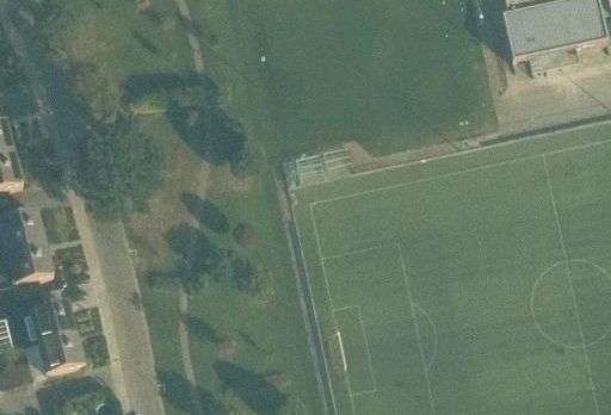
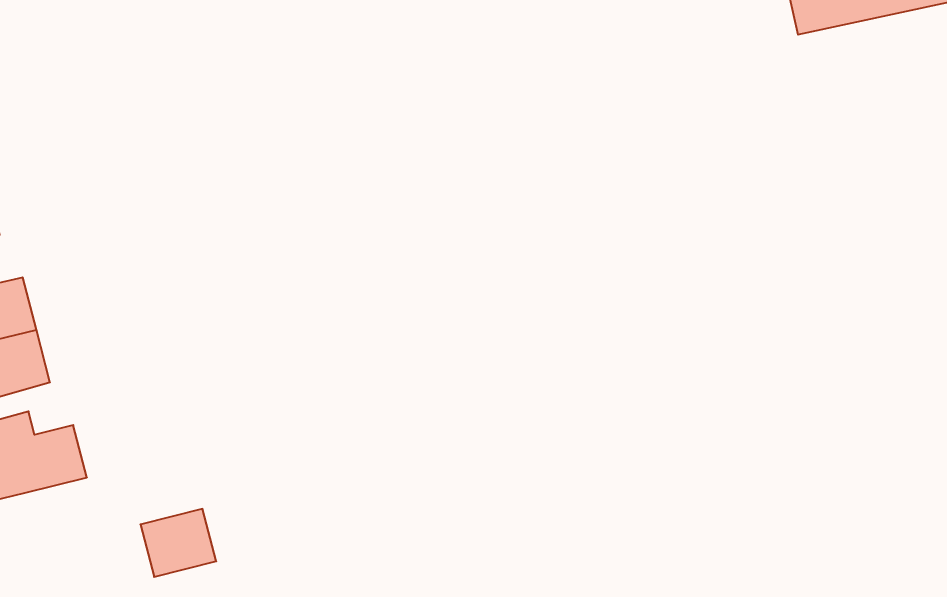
building: [36,330,82,372] -> [140,509,216,577]

